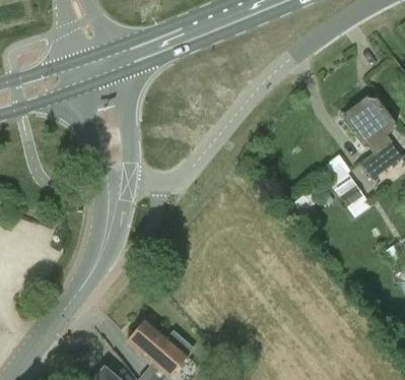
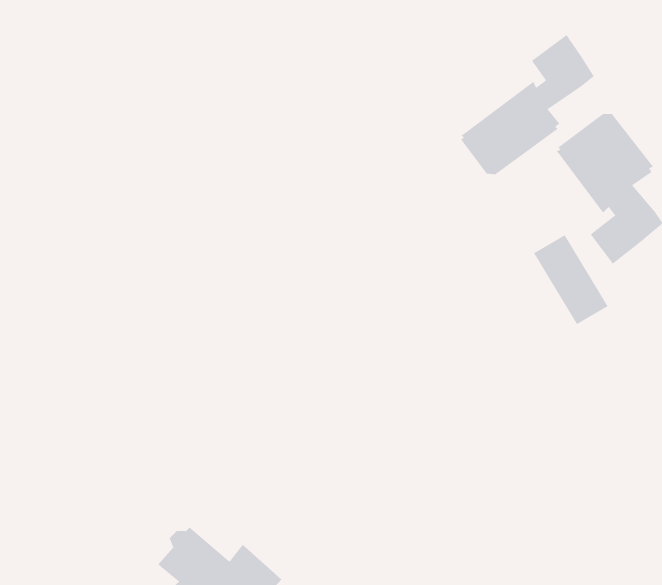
building: none -> [460,34,594,175]

